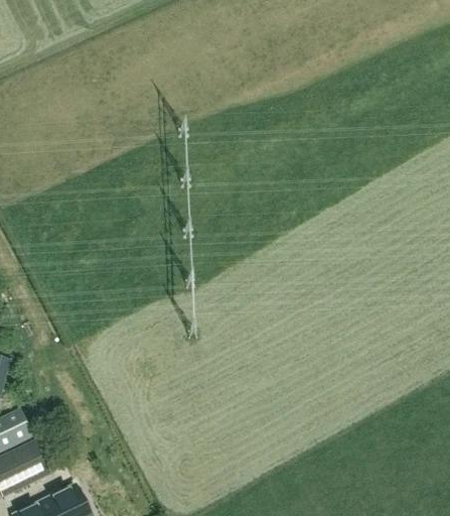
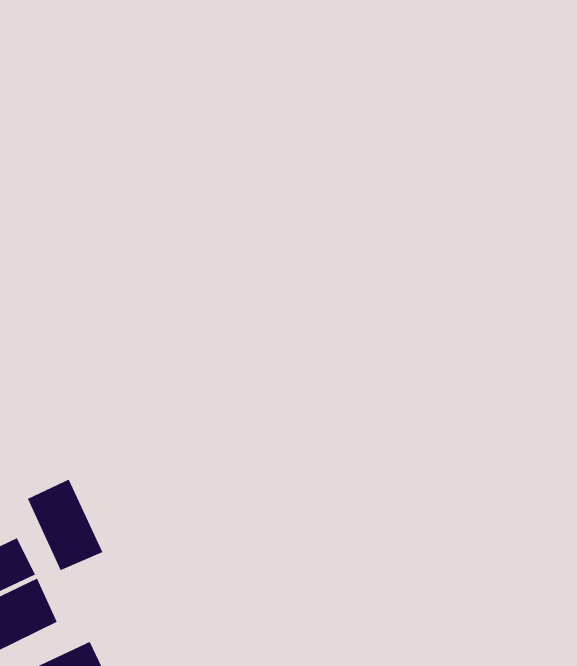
building: none -> [27,479,104,571]

